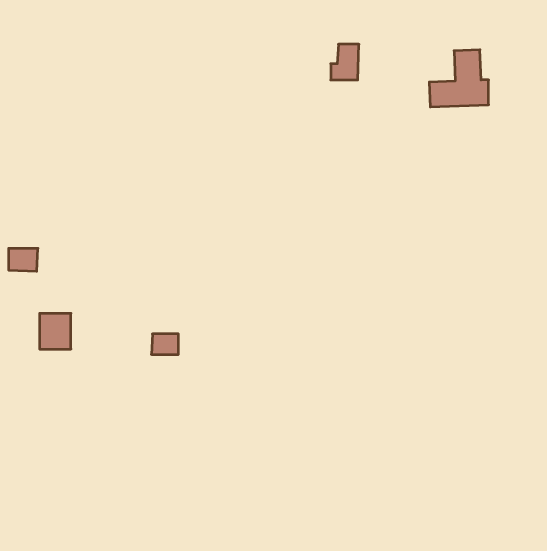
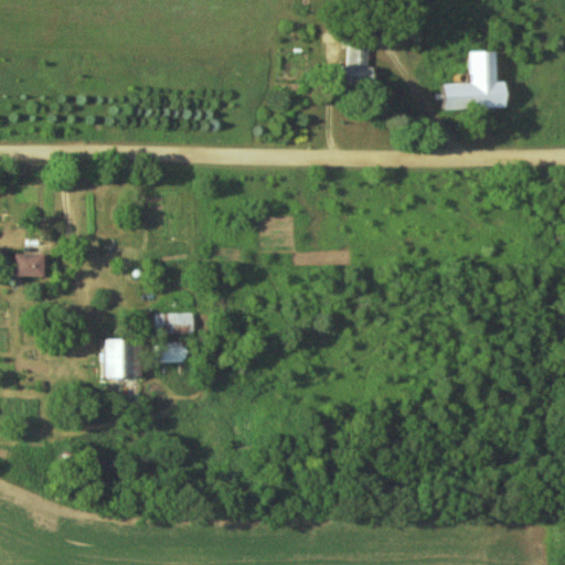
building: none -> [160,312,196,333]
building: [40,313,71,349] -> [105,341,137,377]

